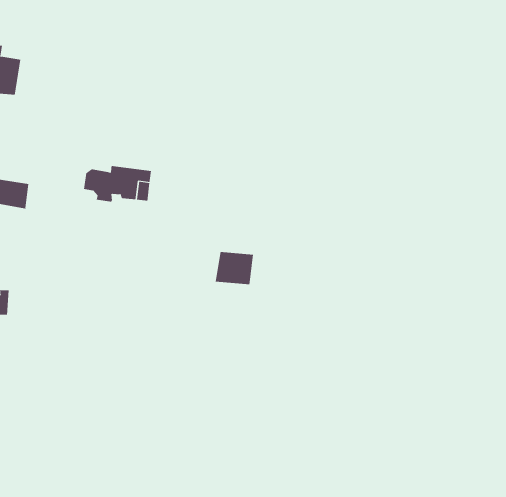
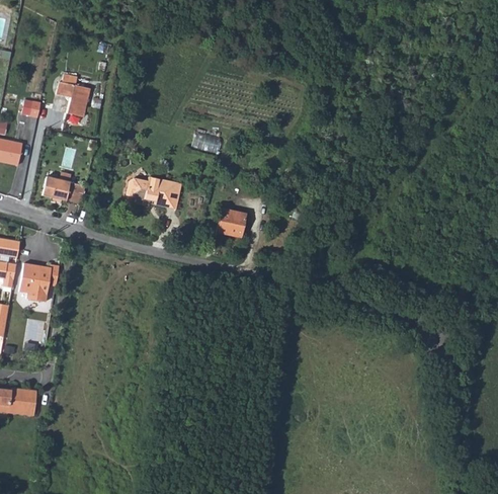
building: none -> [191,130,220,149]
building: [215,251,254,285] -> [216,207,248,235]

